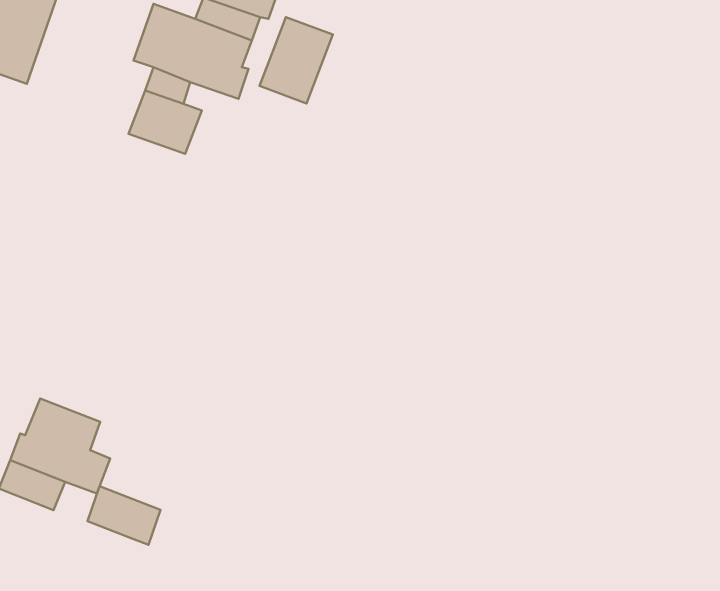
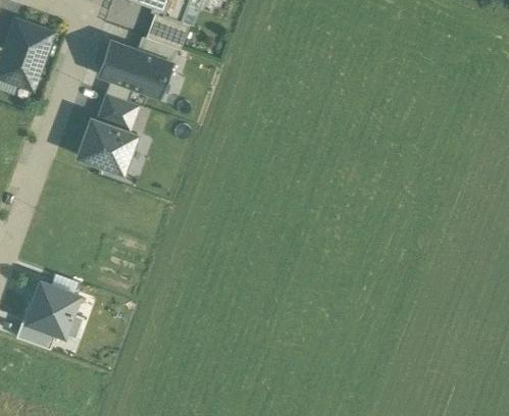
building: [260,17,333,103] -> none
building: none -> [77,118,137,173]
building: [87,486,161,545] -> none

